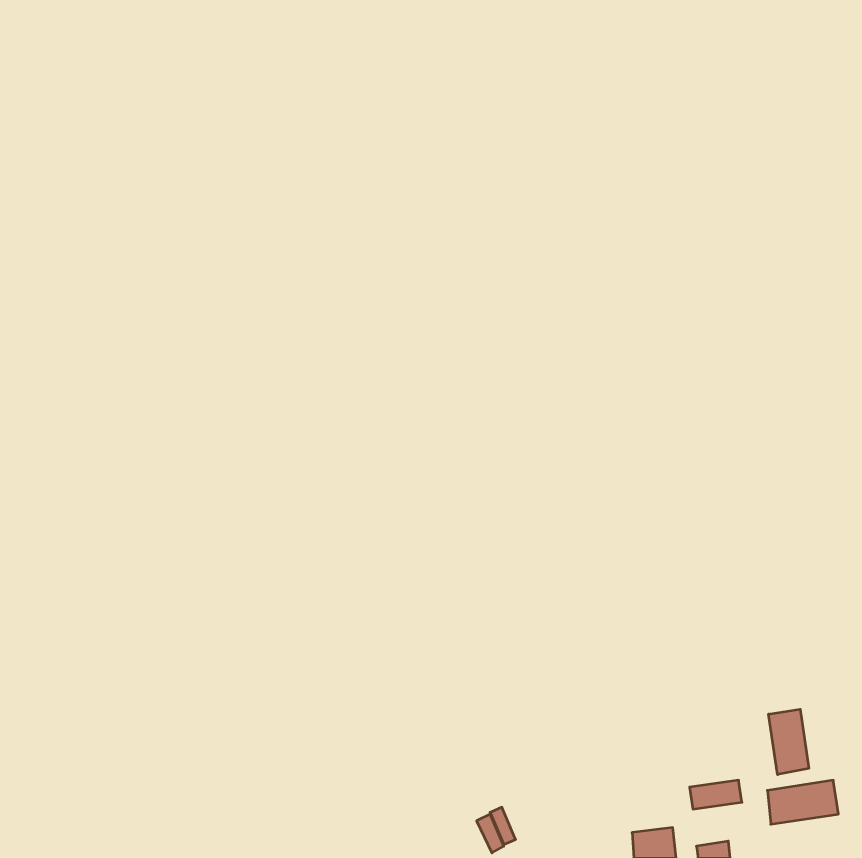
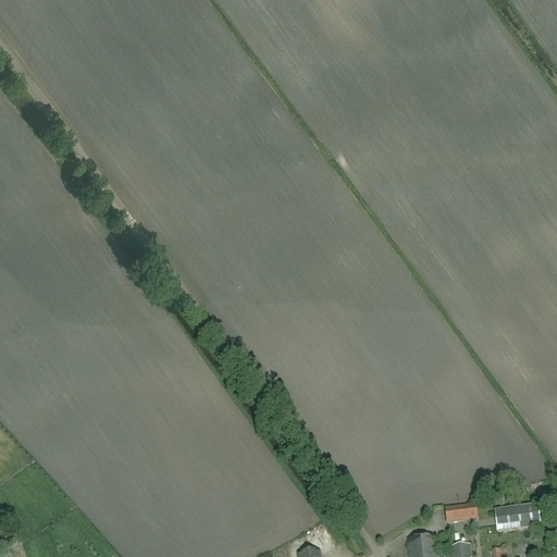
building: [769,709,809,775] -> none

